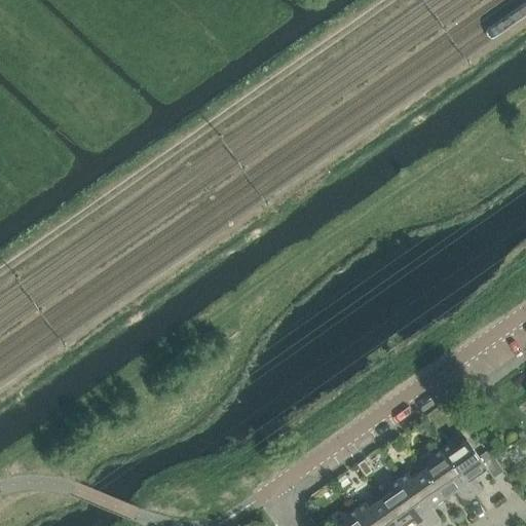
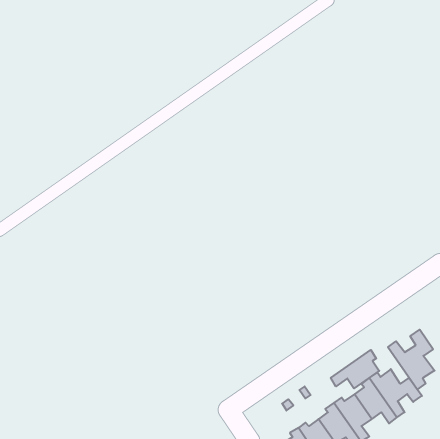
building: none -> [388,330,435,389]
building: none -> [331,350,379,388]

